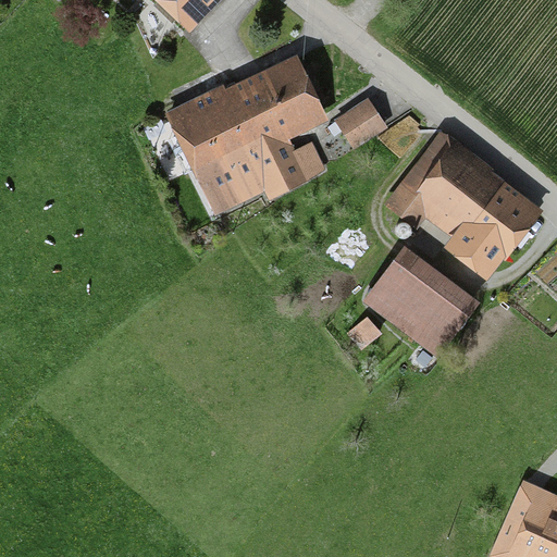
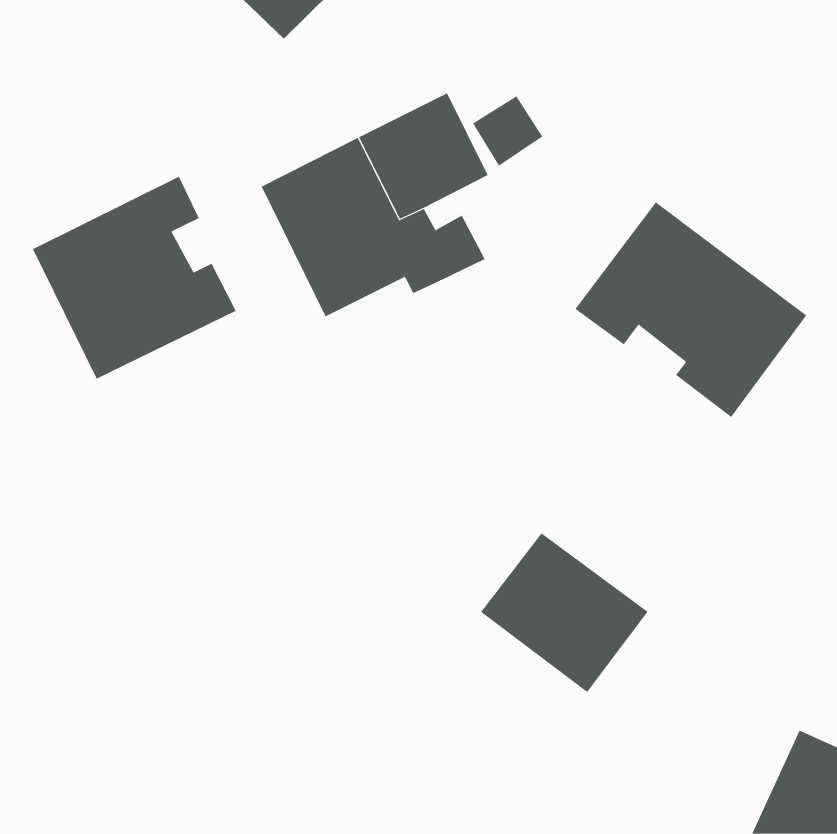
building: [338,99,385,146] -> [472,95,543,166]
building: none -> [32,176,237,380]
building: [364,248,475,354] -> [480,533,648,693]

